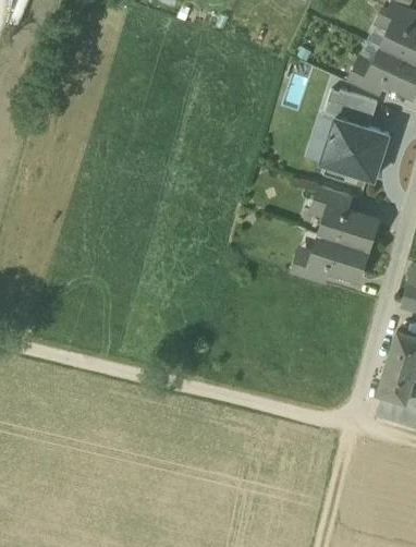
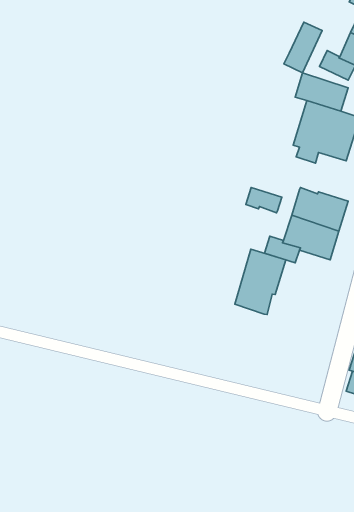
building: none -> [284,22,322,73]
building: [314,185,351,211] -> [246,188,282,213]
building: none -> [235,249,286,315]

